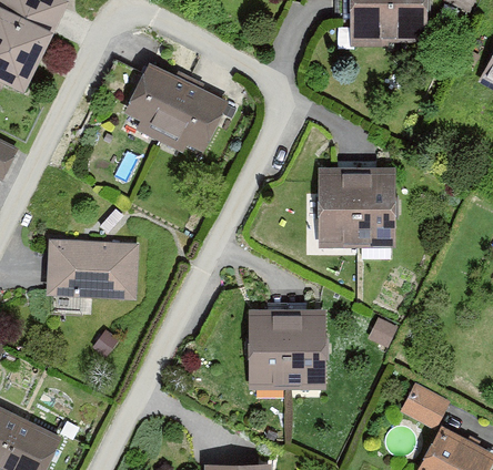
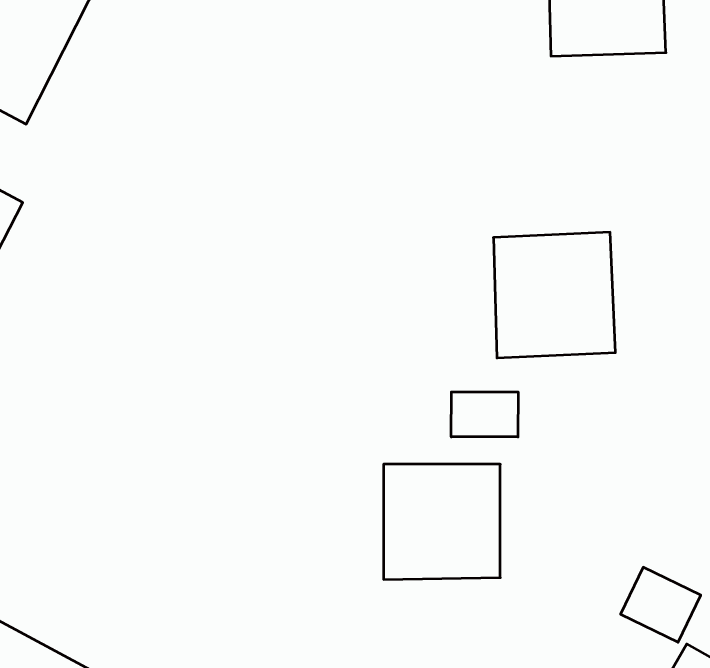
building: [127,64,231,154] -> none
building: [50,243,139,304] -> none
building: none -> [451,392,518,437]

